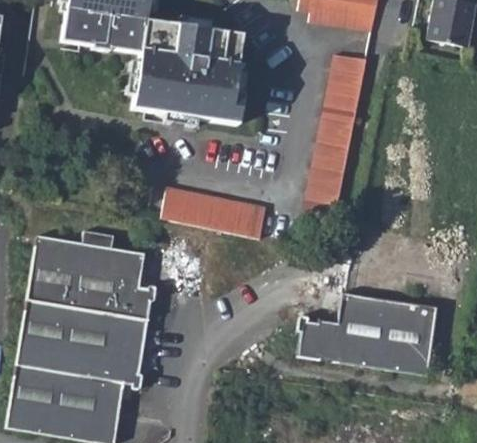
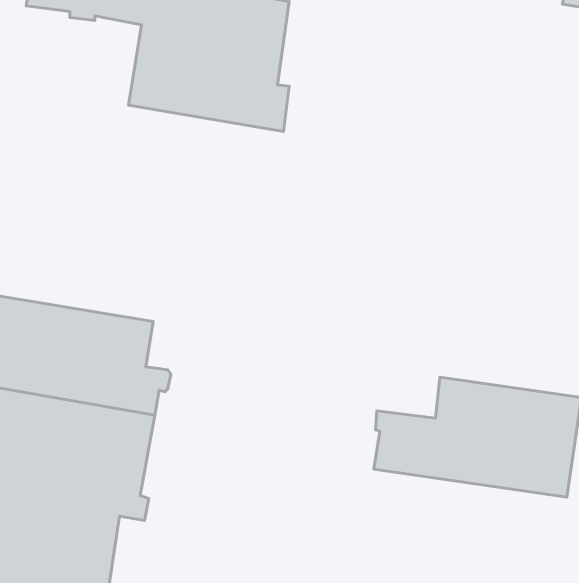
building: [301,54,365,221] -> none
building: [157,188,264,240] -> none

